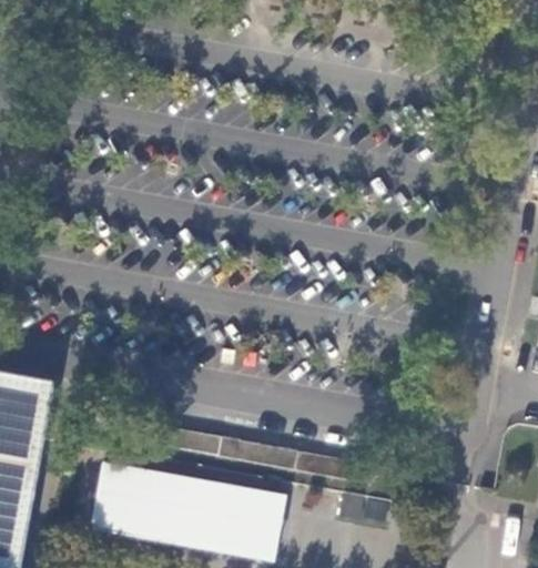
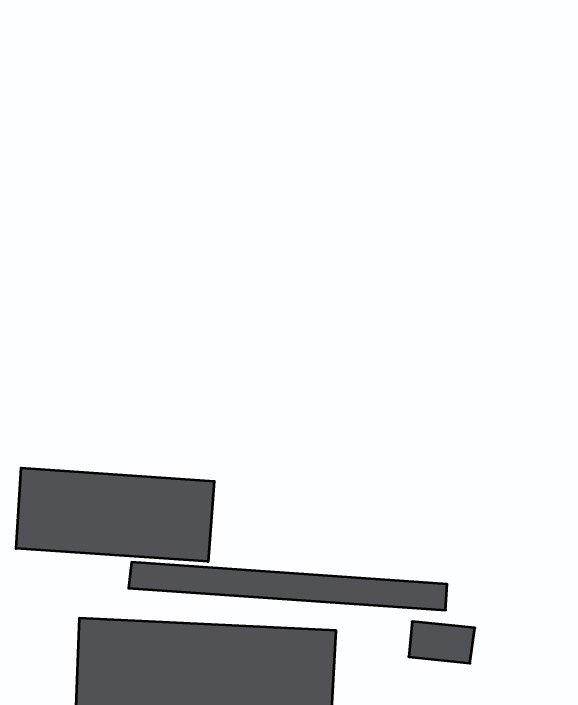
building: none -> [16,468,214,562]

